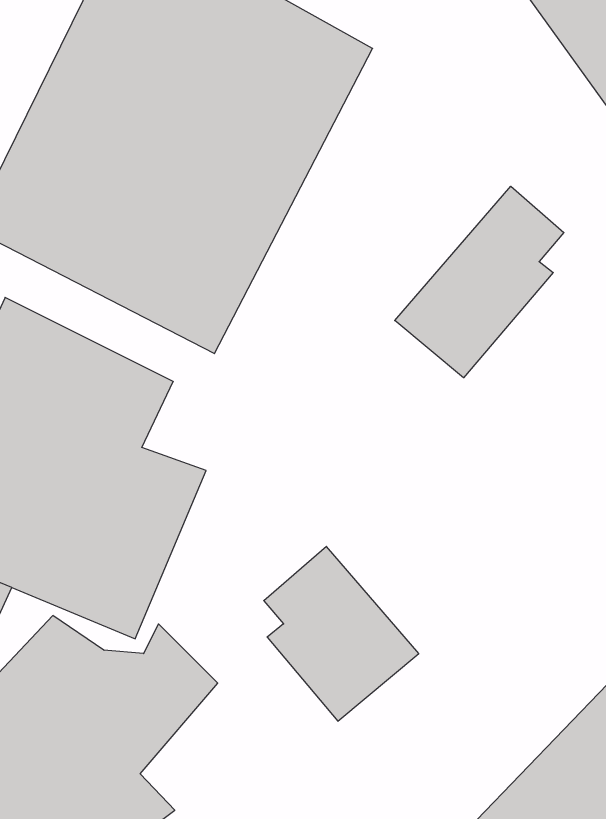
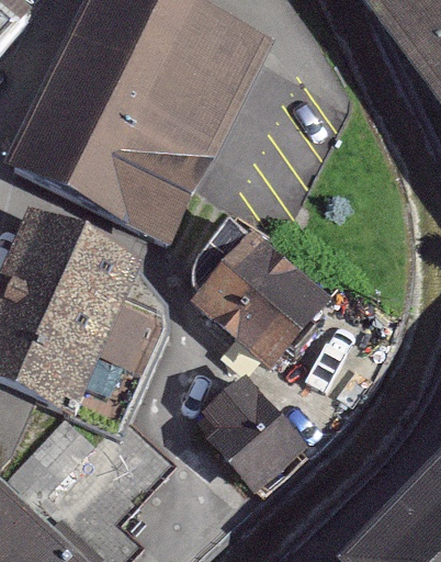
building: [395,186,564,378] -> none
building: none -> [190,232,331,369]

